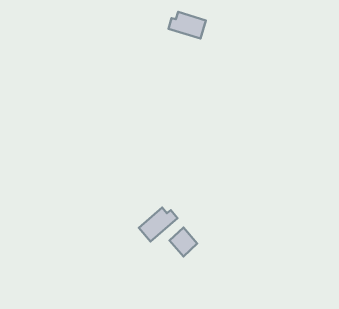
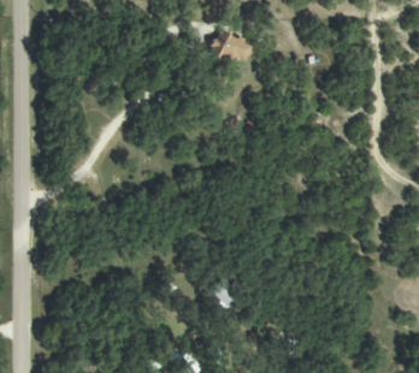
building: [139,207,178,241] -> none

